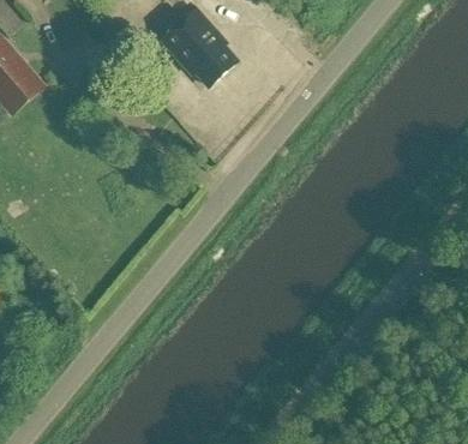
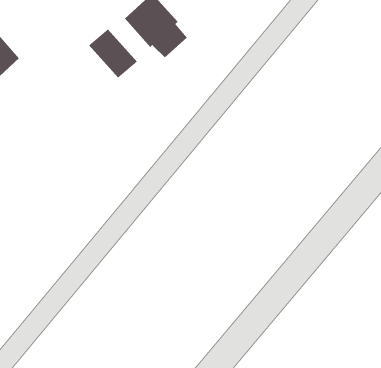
building: none -> [88,28,138,79]

